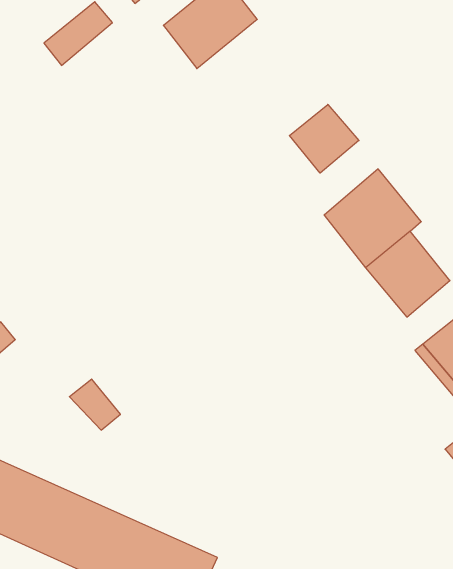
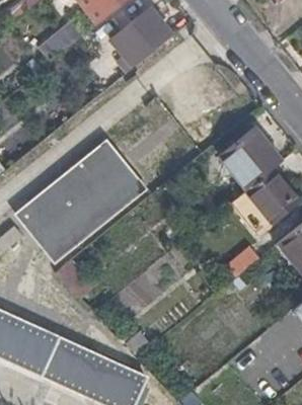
building: [289,104,359,173] -> none
building: none -> [16,140,144,259]

